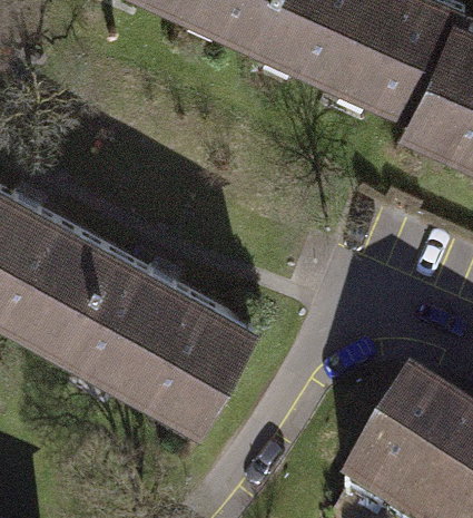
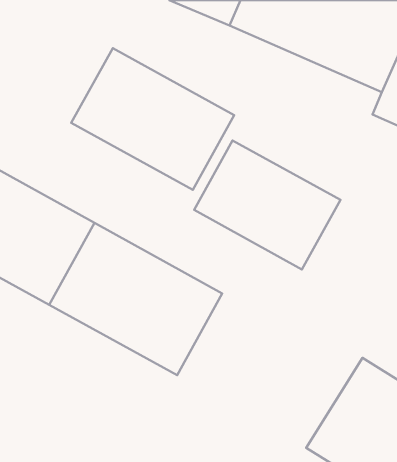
building: none -> [71,48,234,190]
building: none -> [194,140,340,269]

